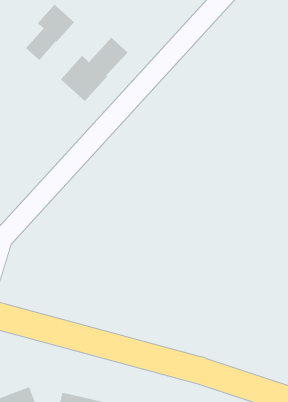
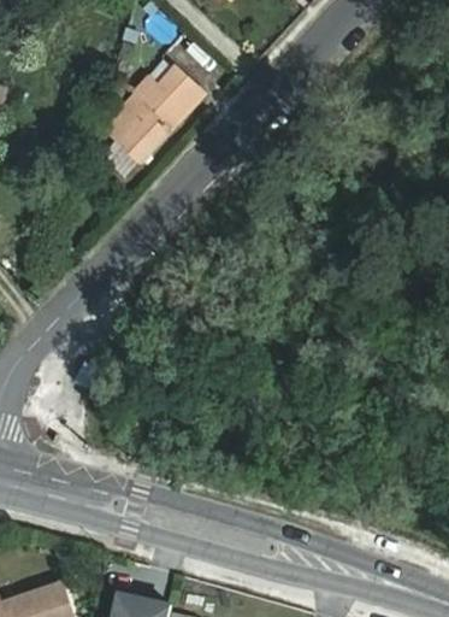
building: [25,4,75,61] -> none

